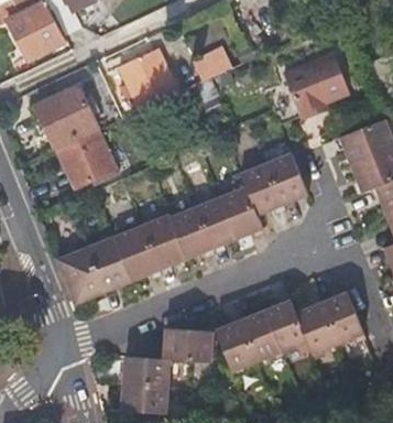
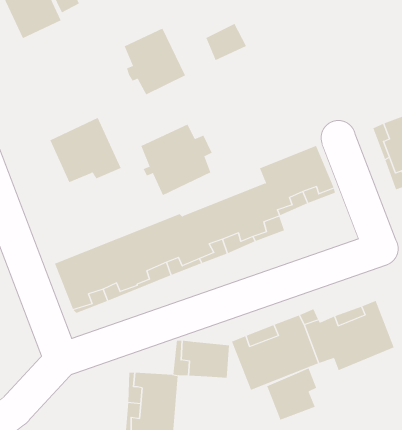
building: [280,50,345,112] -> none
building: [33,83,98,148] -> [140,124,212,196]
building: none -> [267,367,317,421]

